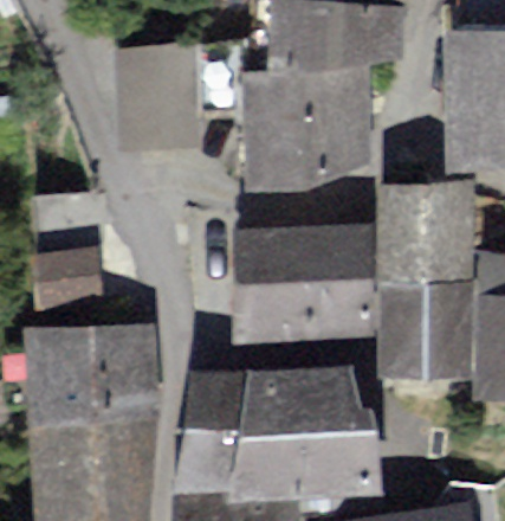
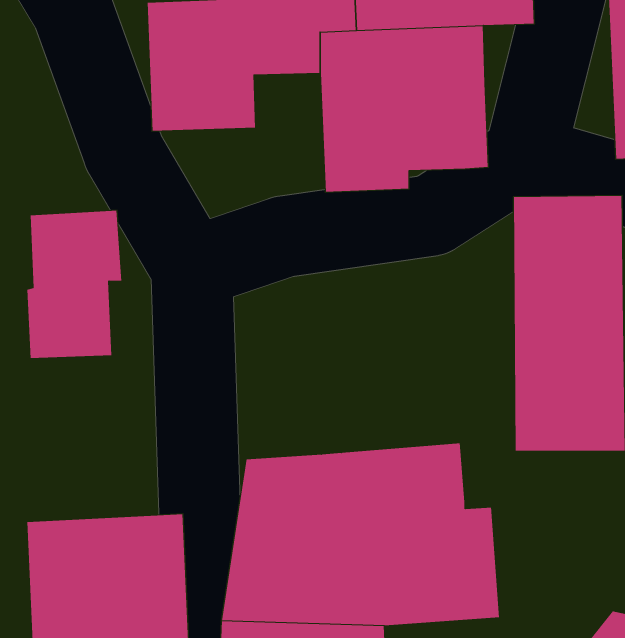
building: [238,227,370,335] -> none
building: [33,324,149,420] -> none

